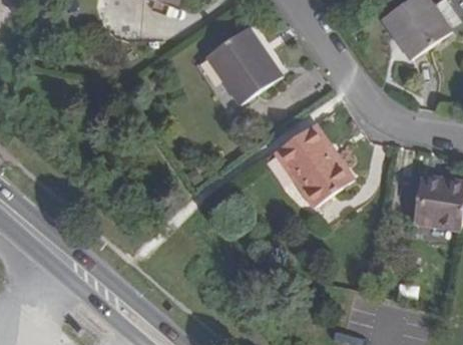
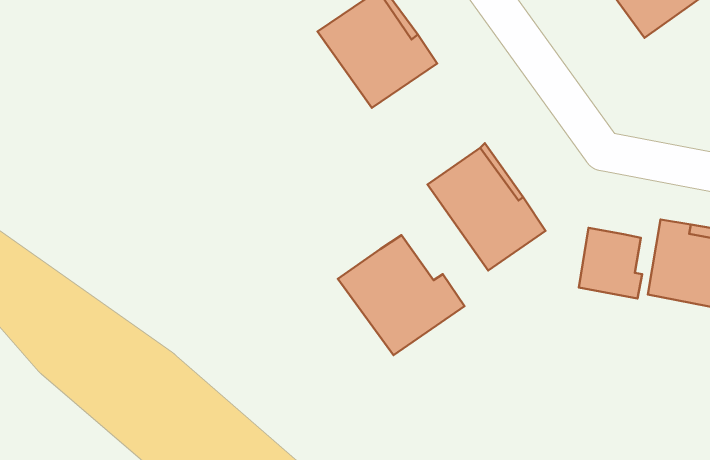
building: none -> [579,228,642,299]
building: none -> [338,235,464,355]

